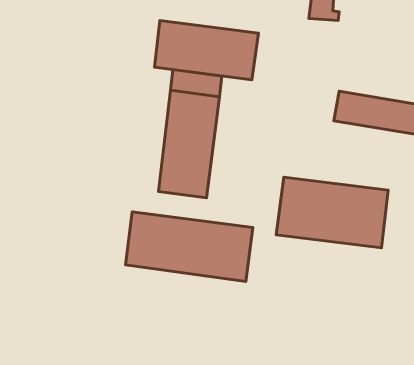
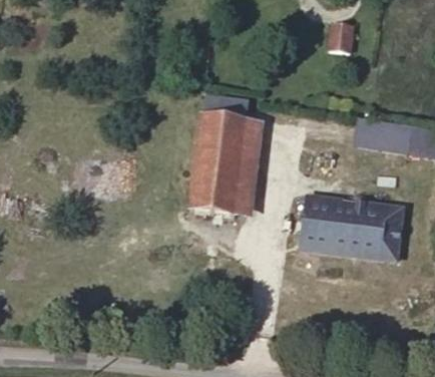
building: [154,20,258,80] -> none
building: [126,212,253,282] -> none

